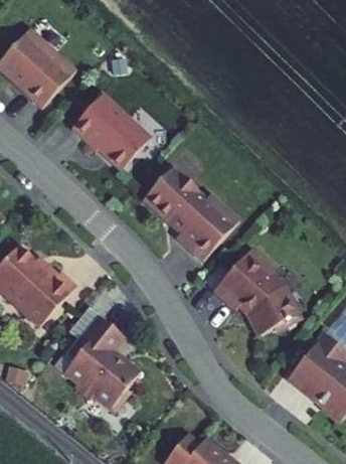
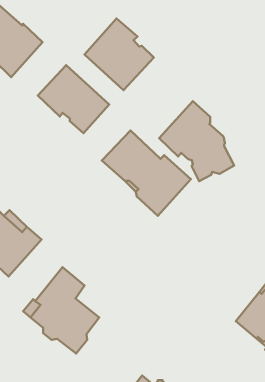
building: none -> [84,18,154,90]
building: [215,249,298,336] -> [159,101,234,181]

